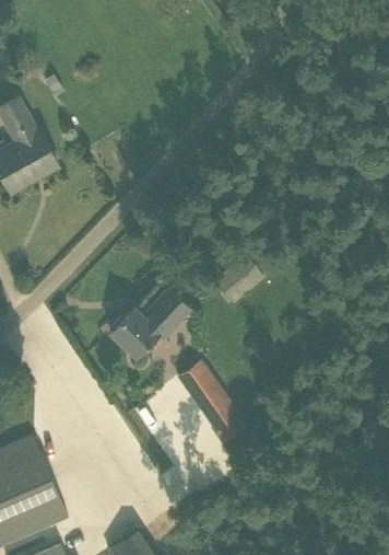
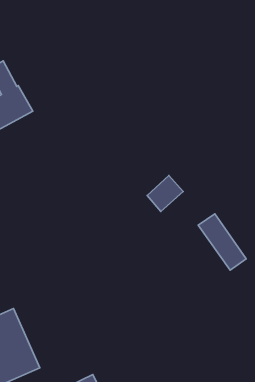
building: [110,290,190,357] -> none
building: [178,361,244,438] -> [198,214,246,270]

